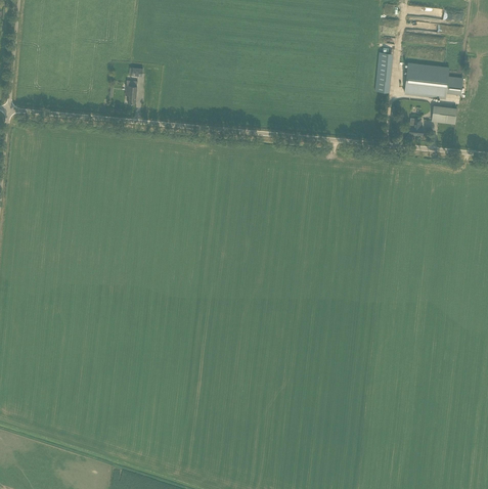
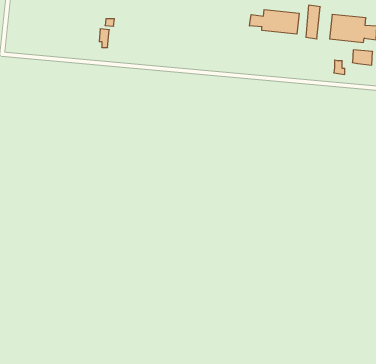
building: none -> [250,10,299,34]

